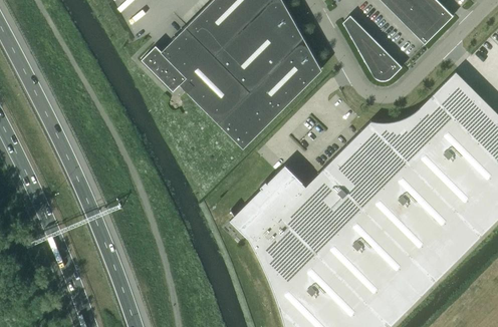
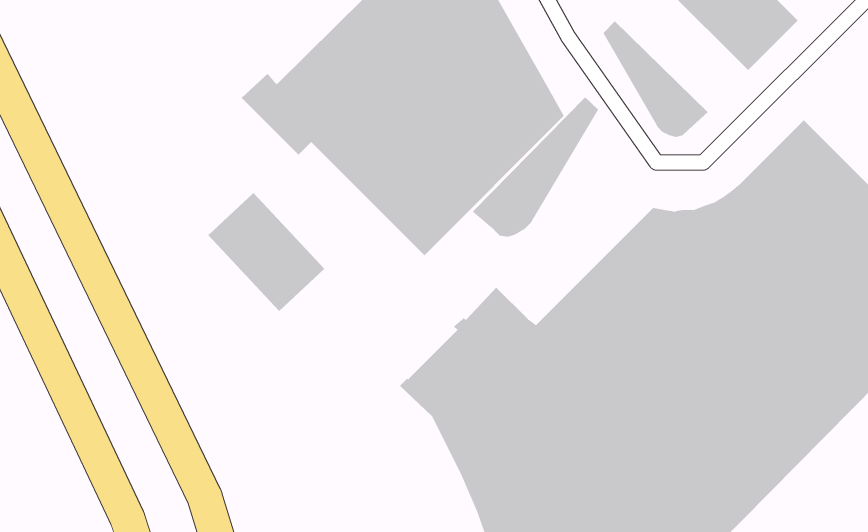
building: none -> [472,96,599,238]
building: none -> [208,192,325,312]

